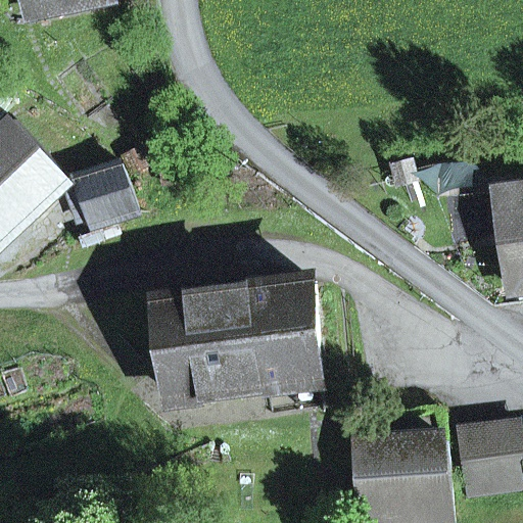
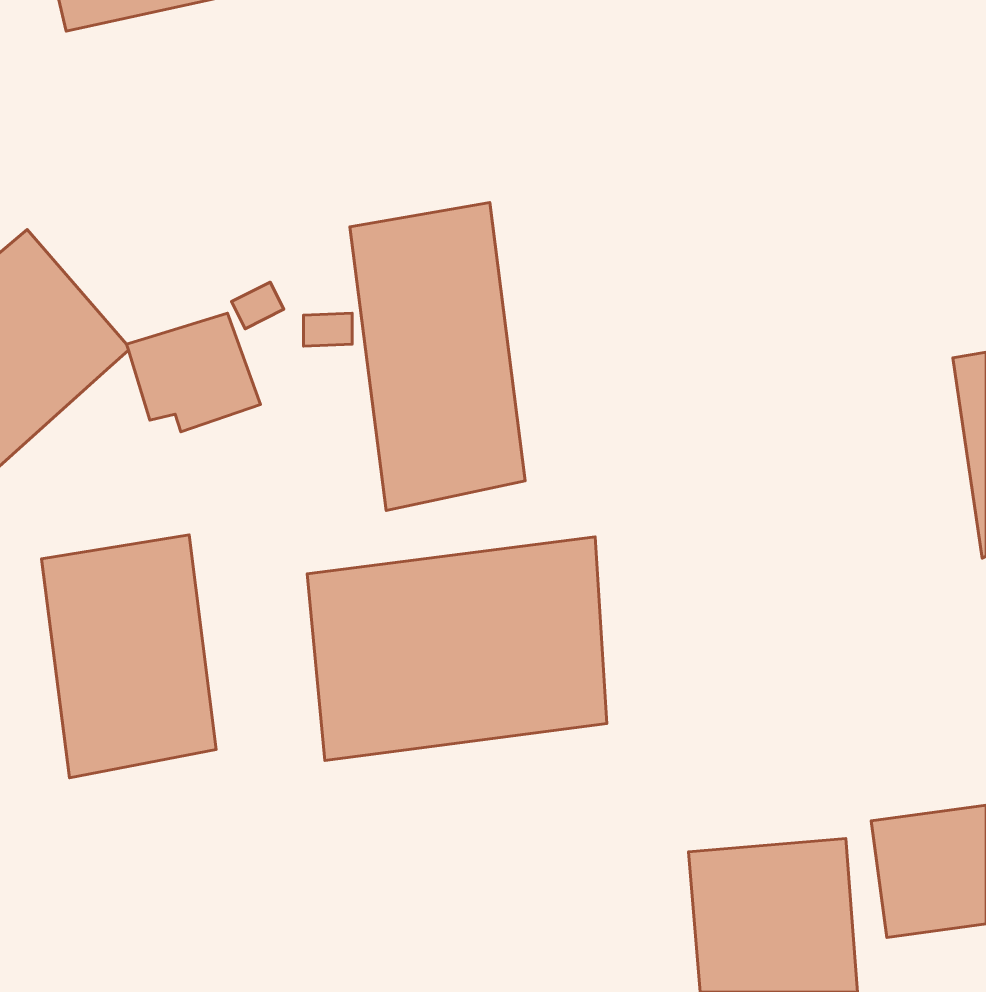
building: none -> [350,202,525,511]
building: none -> [41,535,216,778]

